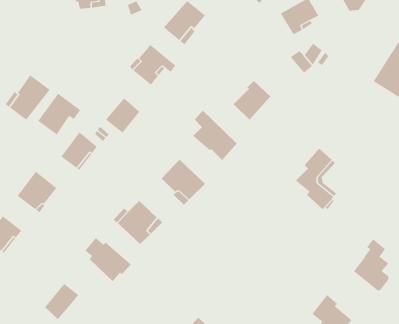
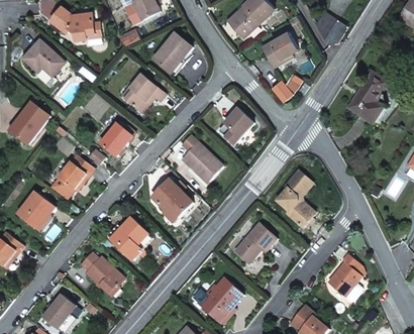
building: none -> [22,40,64,86]
building: [37,93,81,135] -> none
building: none -> [234,222,277,262]
building: none -> [200,277,243,324]

